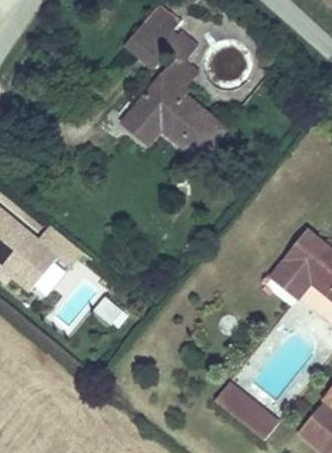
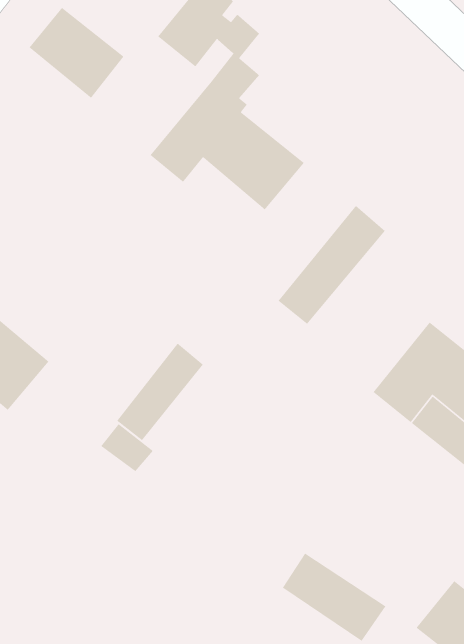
building: none -> [28,7,124,99]
building: none -> [278,205,386,325]
building: none -> [116,342,204,441]

